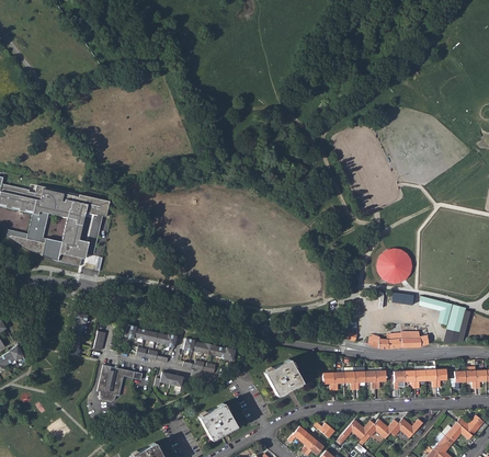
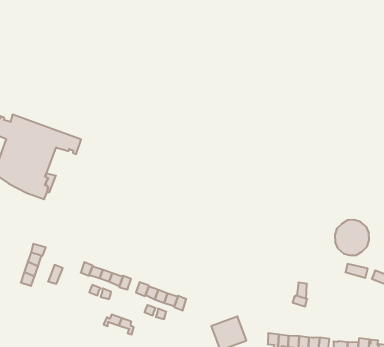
building: [368,331,430,349] -> none
building: [99,365,144,401] -> none

